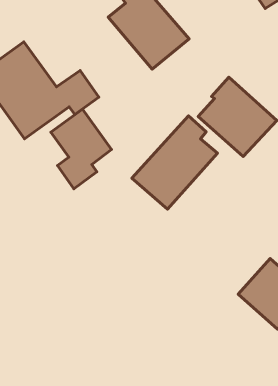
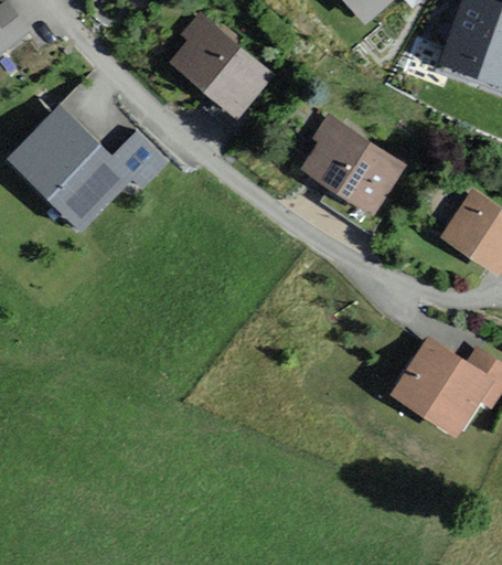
building: [51,109,111,189] -> none
building: [132,116,217,209] -> none

